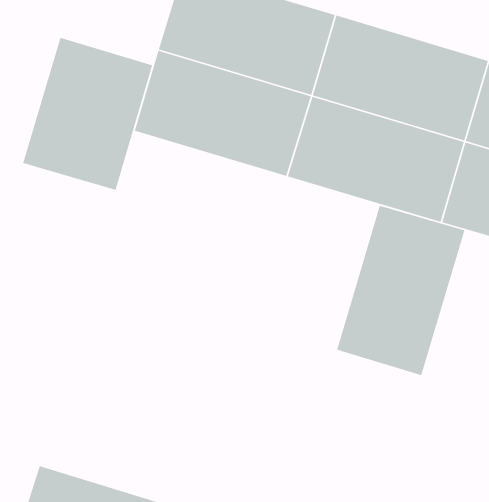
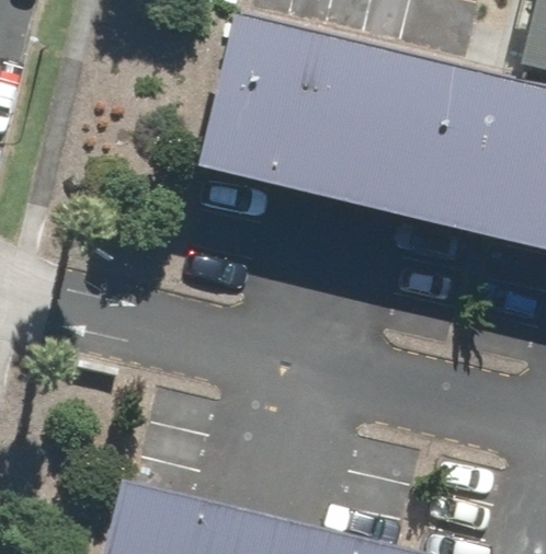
building: [22,37,153,191] -> none
building: [336,205,466,376] -> none

